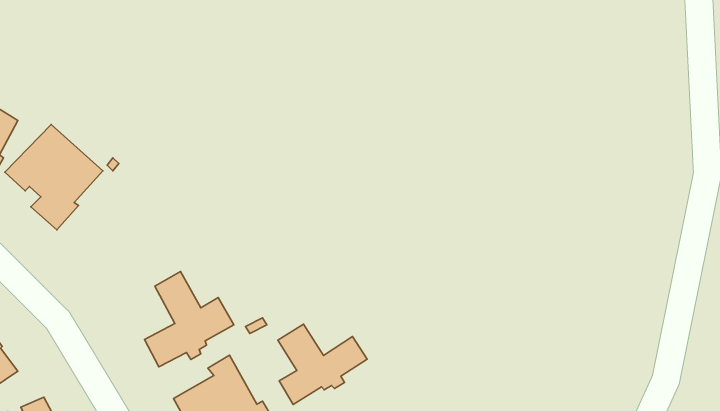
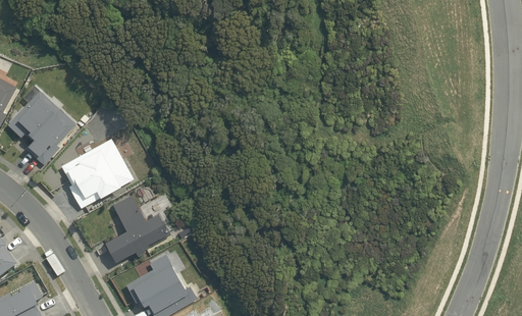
building: none -> [59,139,133,209]
building: [278,324,367,405] -> none

